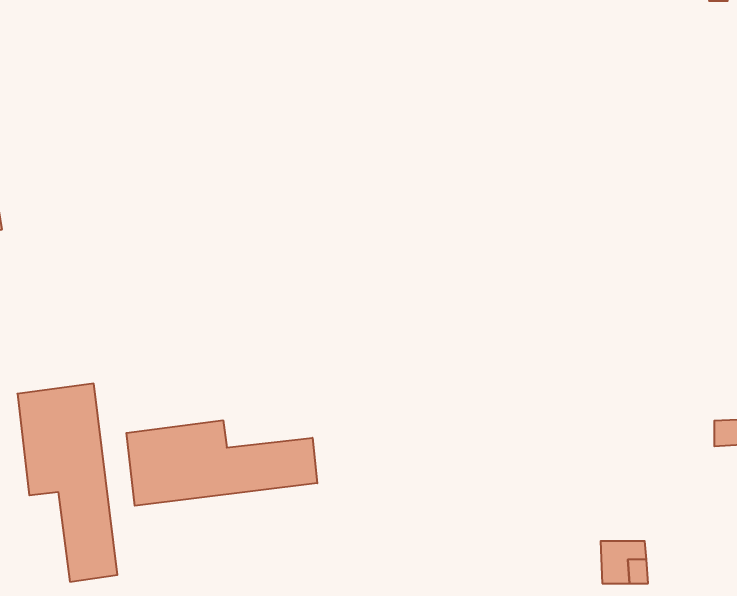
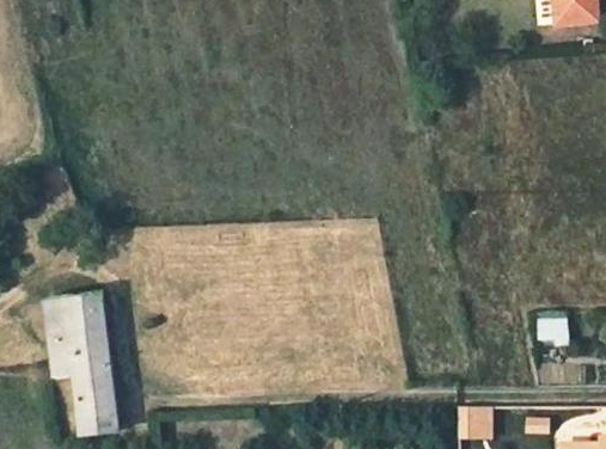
building: [126,420,317,506] -> none

